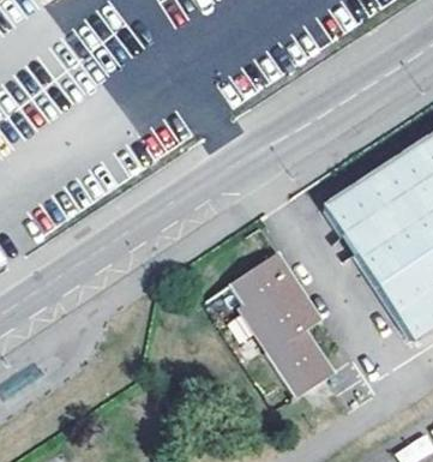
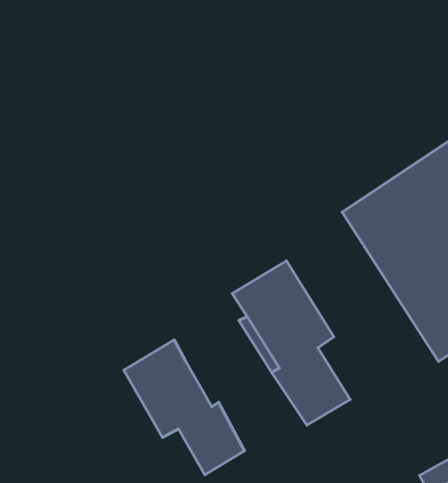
building: none -> [124,340,245,475]

